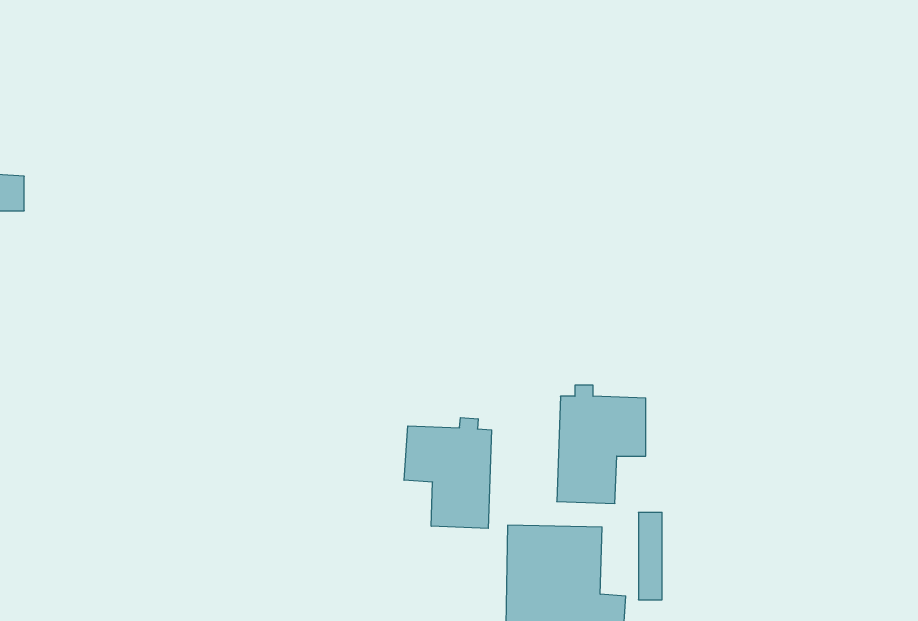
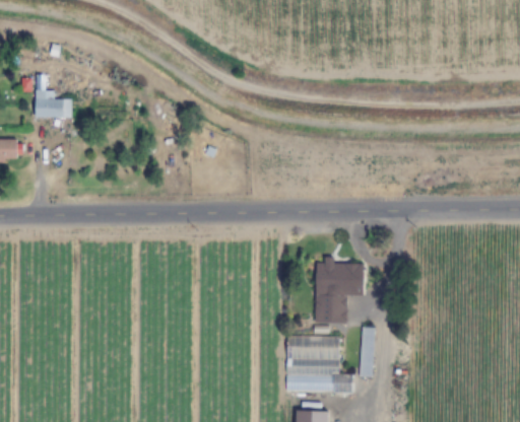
building: none -> [36,90,71,117]
building: [404,418,492,528] -> none

